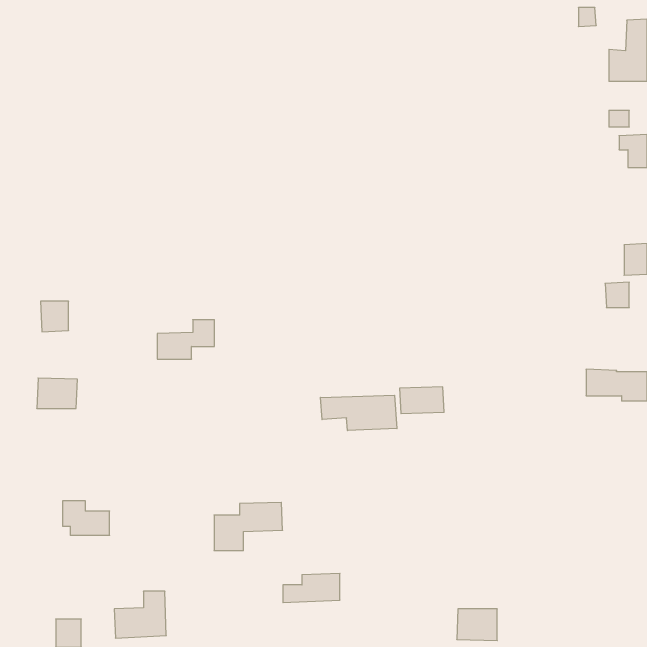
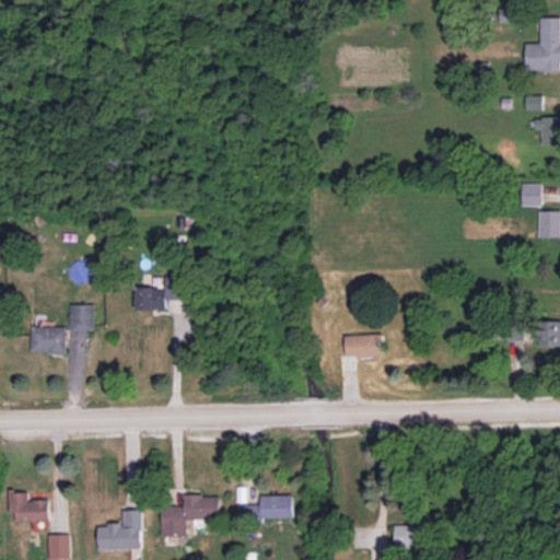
building: [605,282,629,308] -> [521,184,541,206]
building: [41,301,69,332] -> [70,305,94,331]
building: [320,395,397,431] -> none
building: [63,501,110,535] -> [9,492,49,522]
building: [214,502,283,551] -> [162,495,221,537]

